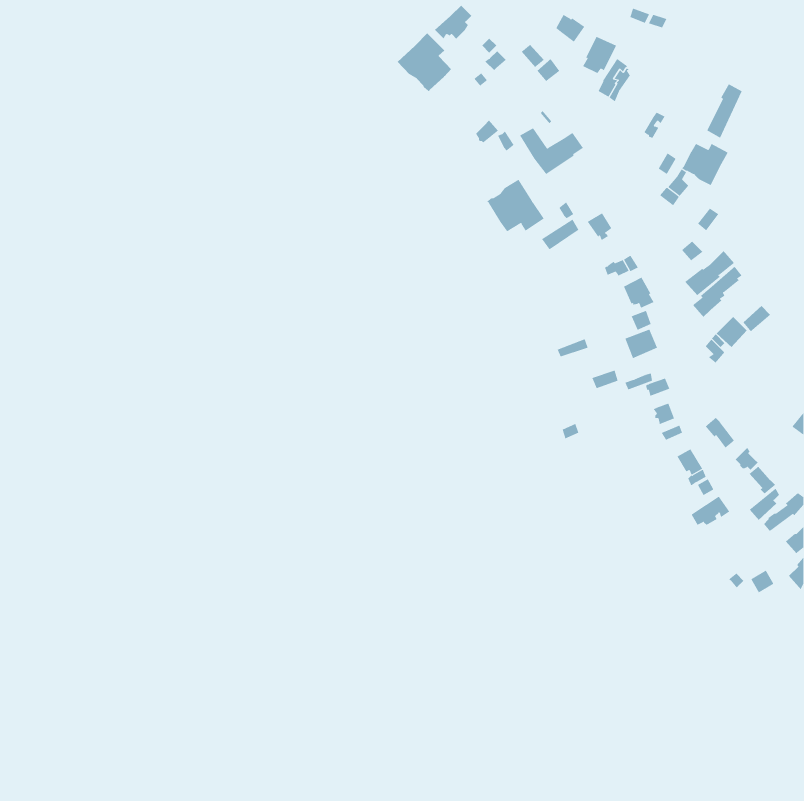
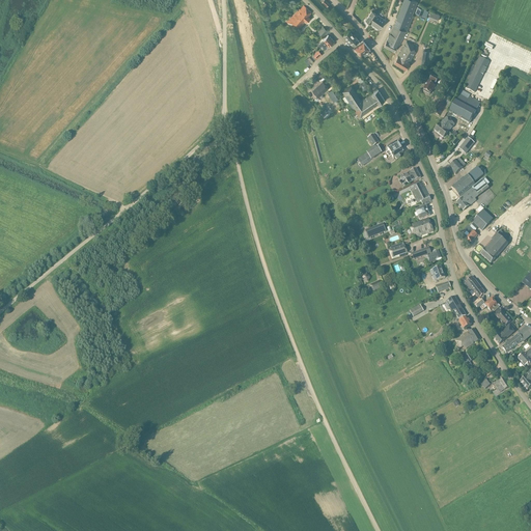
building: [397,33,452,92] -> none
building: [486,179,544,232] -> none
building: none -> [480,229,510,261]

